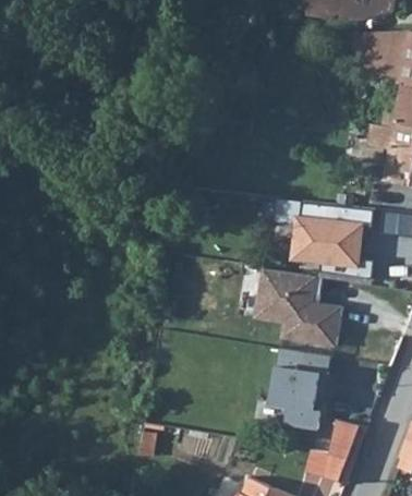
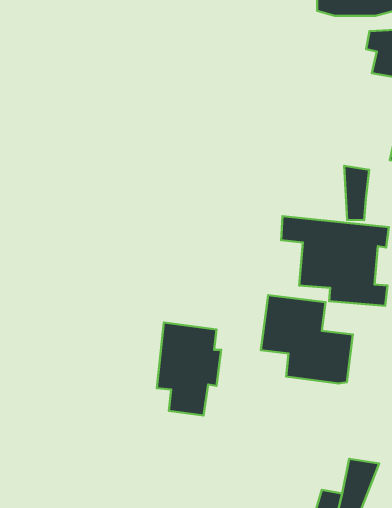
building: none -> [344,166,369,220]
building: [275,347,334,432] -> [157,322,221,416]

